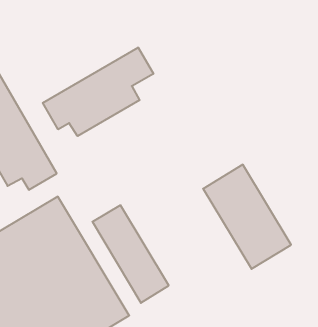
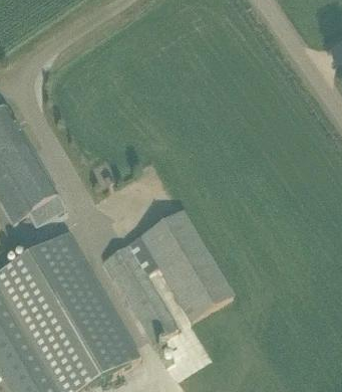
building: [43,47,153,136] -> none
building: [203,165,291,269] -> [140,210,232,319]

